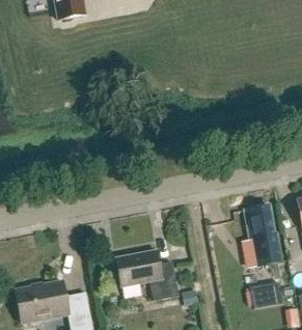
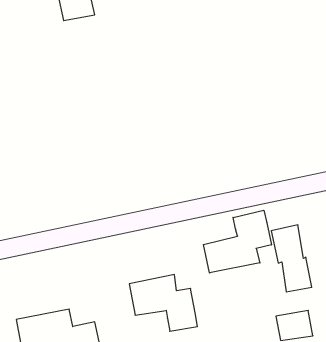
building: none -> [203,210,271,273]

